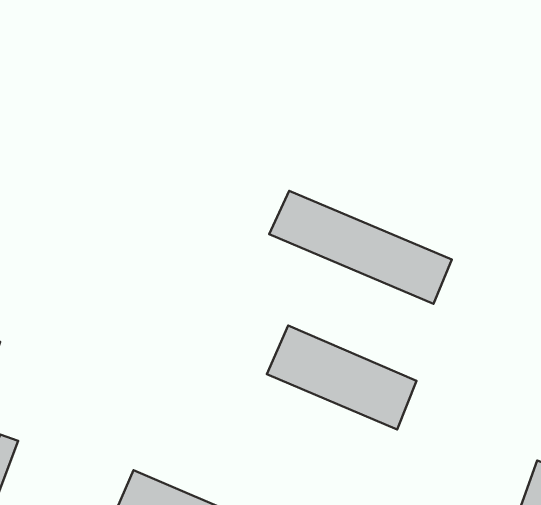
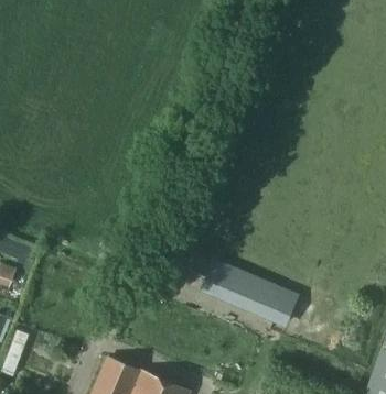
building: [269,191,452,304] -> none

